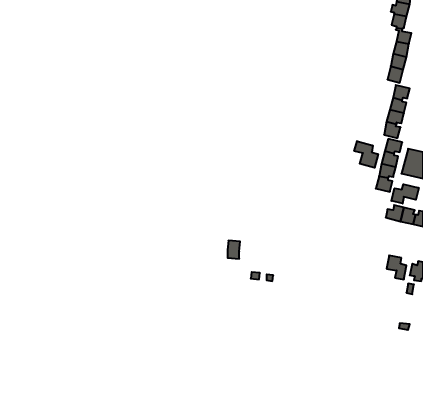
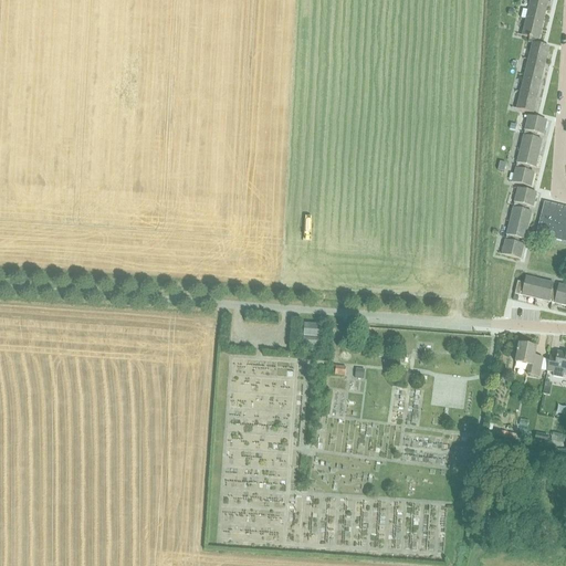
building: [354,141,378,168] -> none
building: [391,184,419,204] -> none

